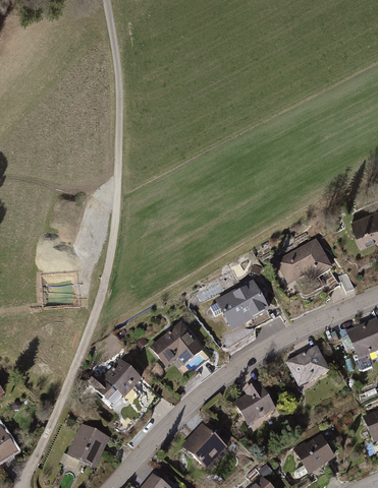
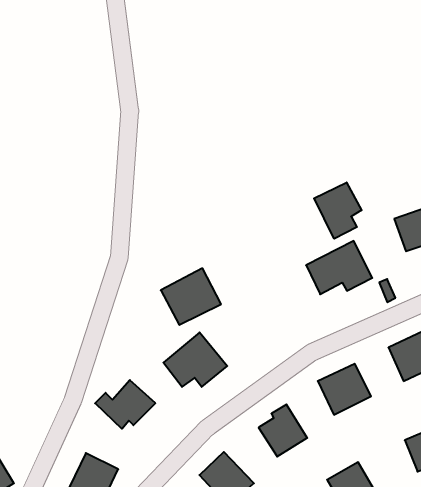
building: none -> [314,182,362,239]
building: [217,281,270,330] -> [161,268,221,325]

